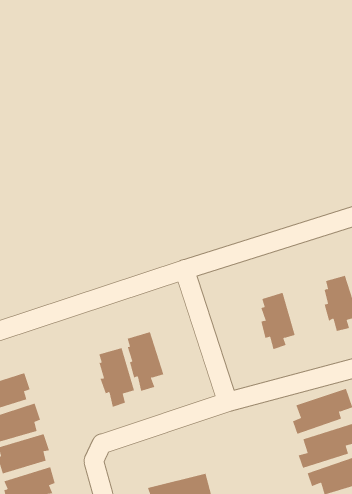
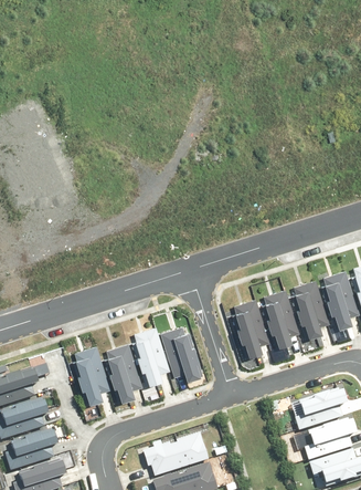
building: none -> [295,281,329,337]
building: none -> [234,301,268,357]
building: none -> [160,326,201,380]
building: none -> [73,346,108,405]
building: none -> [147,437,210,475]

